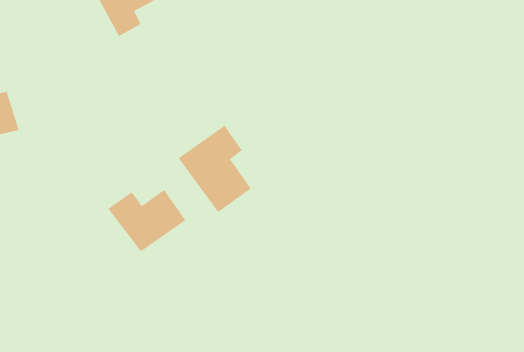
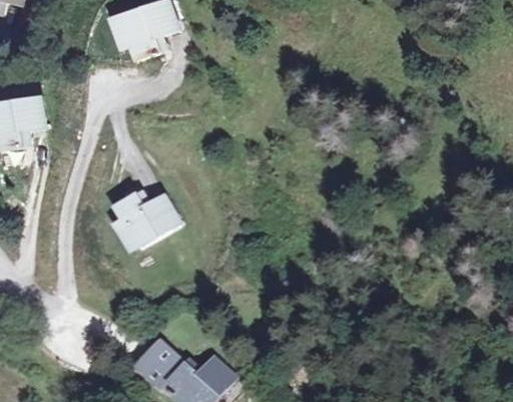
building: [178,125,251,213] -> none

